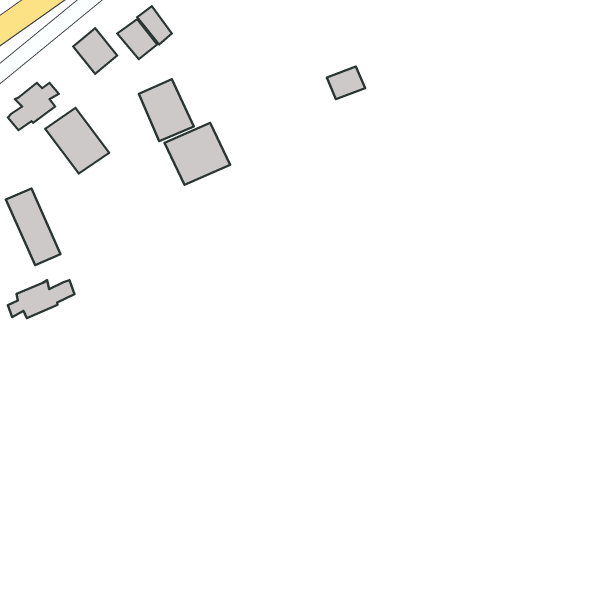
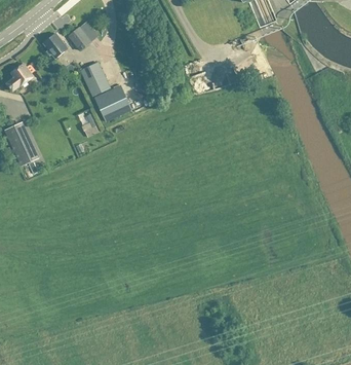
building: [45,108,109,174] -> none
building: [8,280,74,318] -> none

